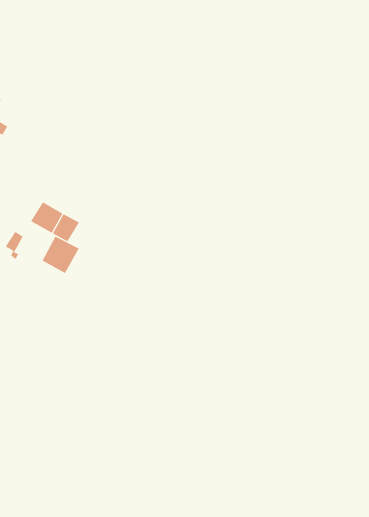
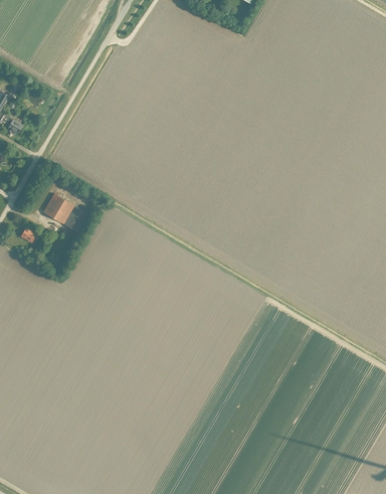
building: [42,236,79,274] -> none

